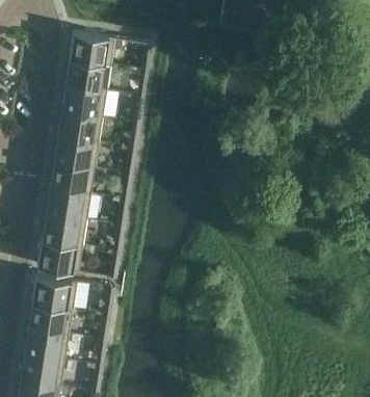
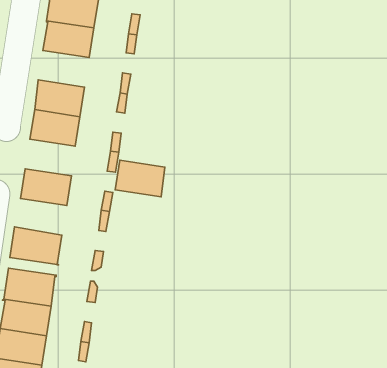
building: [61,83,106,115] -> none
building: [50,161,94,193] -> [115,160,165,197]
building: [41,213,86,245] -> none

